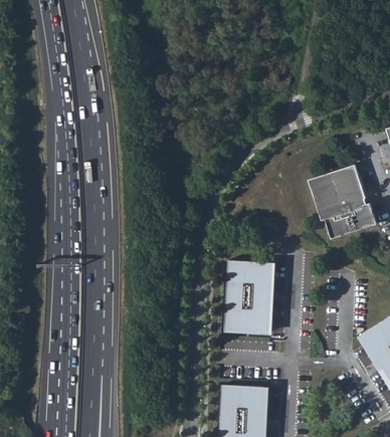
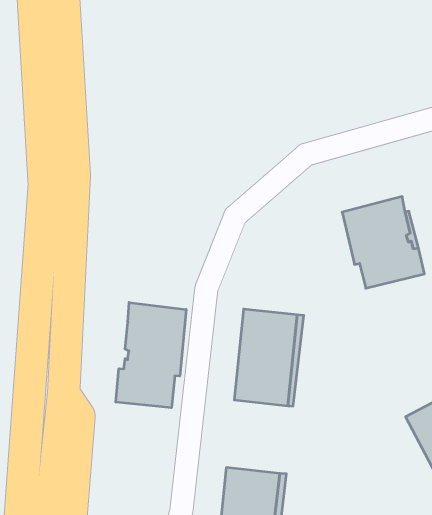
building: none -> [116,302,186,408]

